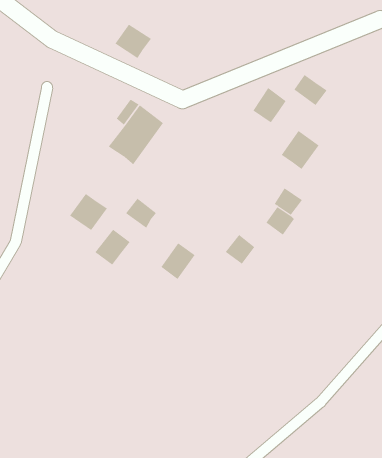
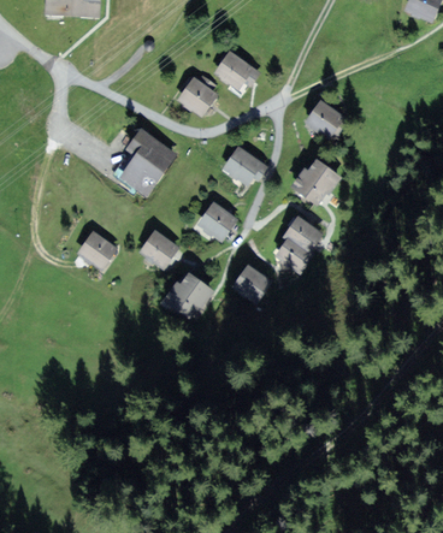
building: none -> [215,47,253,84]
building: [115,24,152,59] -> [181,75,219,111]
building: [253,87,286,123] -> [229,147,264,184]
building: none -> [203,207,235,238]
building: [95,229,131,266] -> none

